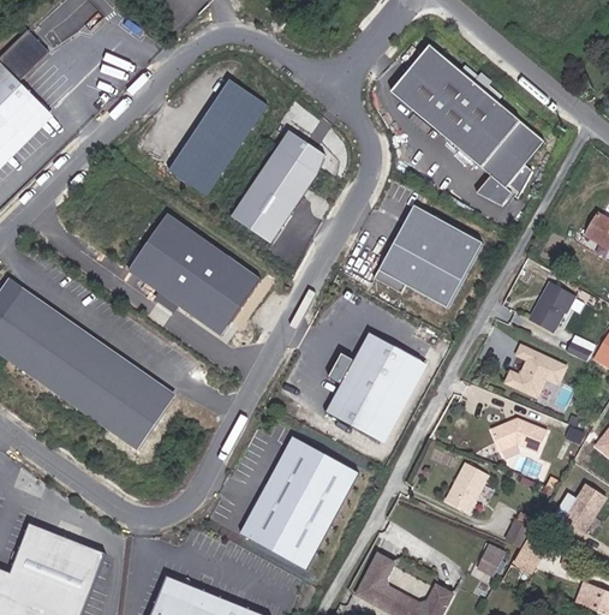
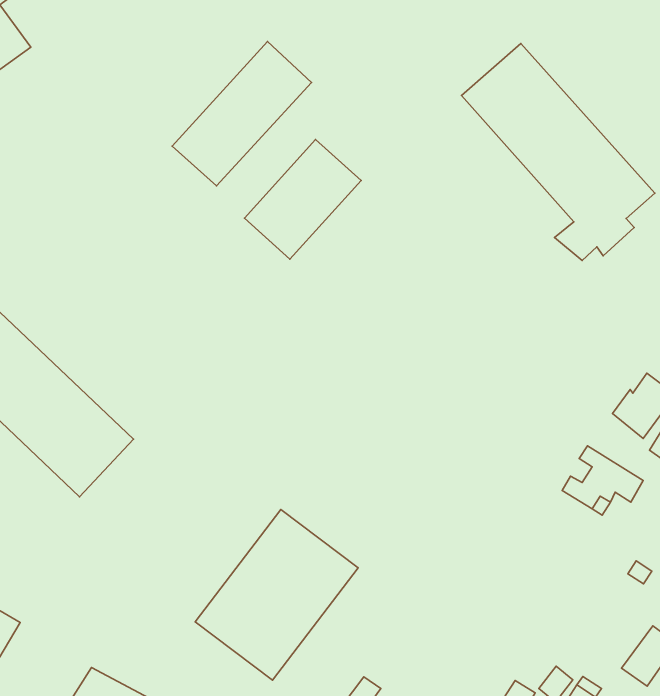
building: [276,129,324,173] -> none
building: [372,203,482,305] -> none
building: [127,211,259,334] -> none
building: [327,329,425,438] -> none
building: [491,426,547,460] -> none
building: [449,465,494,515] -> none

